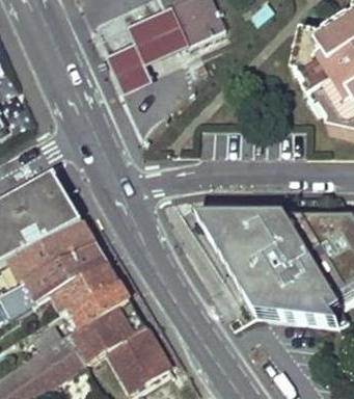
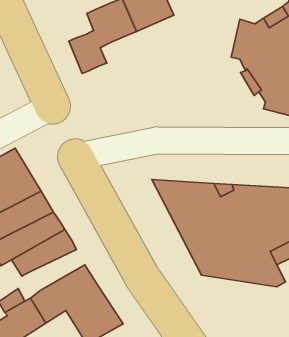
building: [66,284,128,328] -> none

